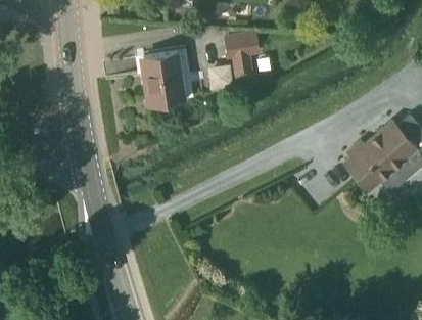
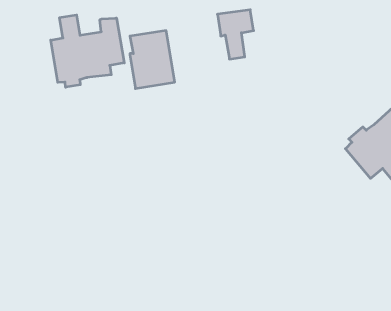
building: none -> [51,15,124,87]

